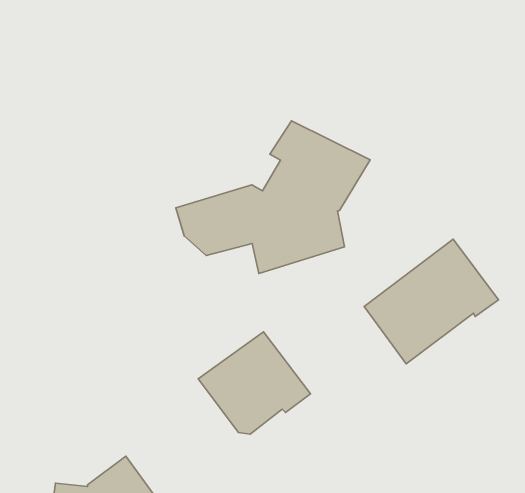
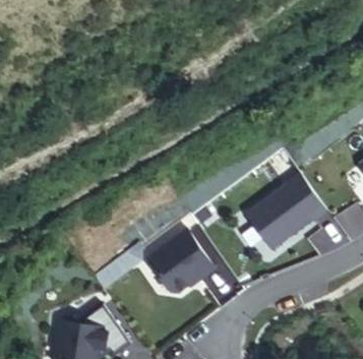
building: [176,121,370,274] -> none

